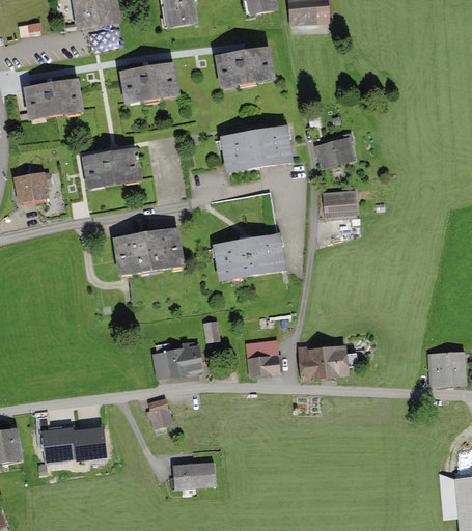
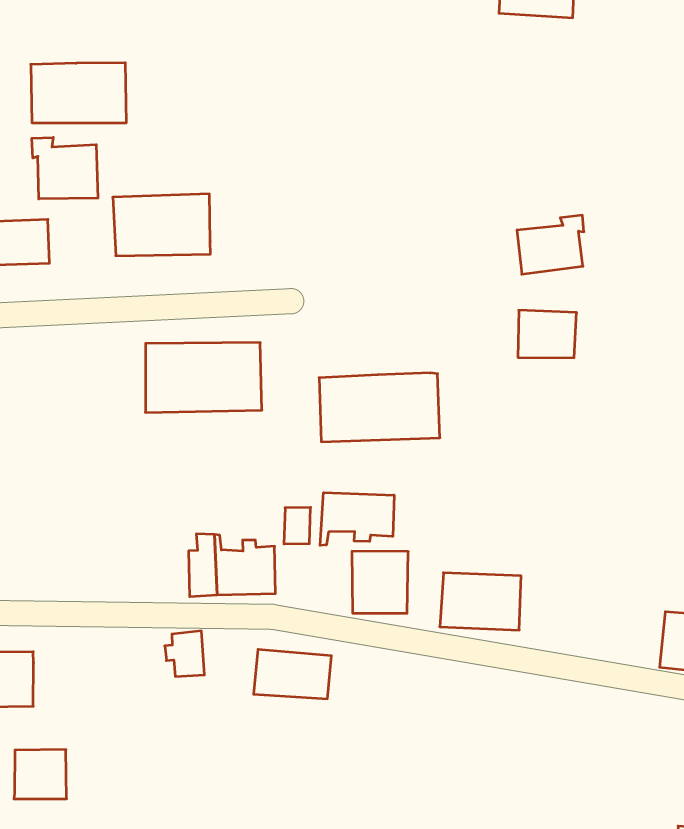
building: [215,47,275,89] -> none
building: [120,62,179,105] -> none
building: [220,125,294,174] -> none
building: none -> [32,137,98,199]
building: none -> [320,493,394,545]
building: [72,424,105,456] -> [14,750,67,799]
building: [171,460,215,488] -> [254,649,331,699]

